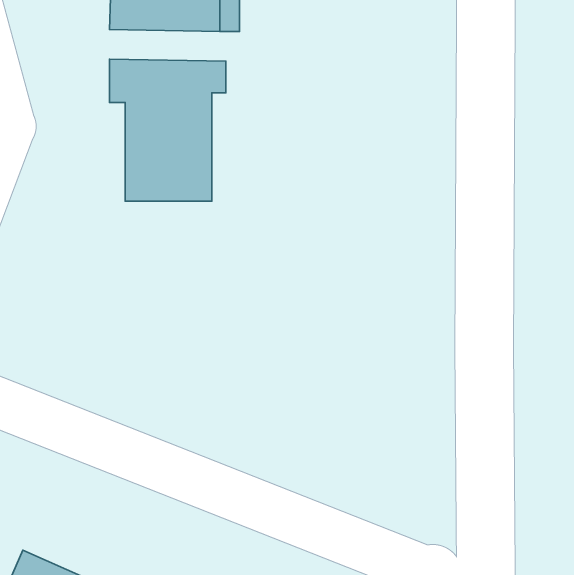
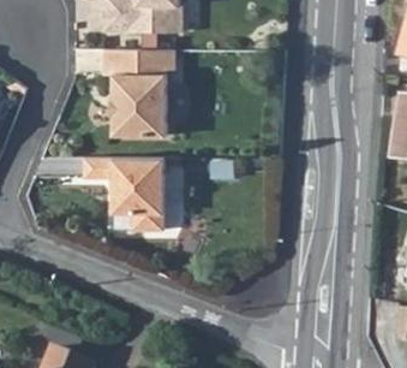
building: none -> [84,155,164,228]

